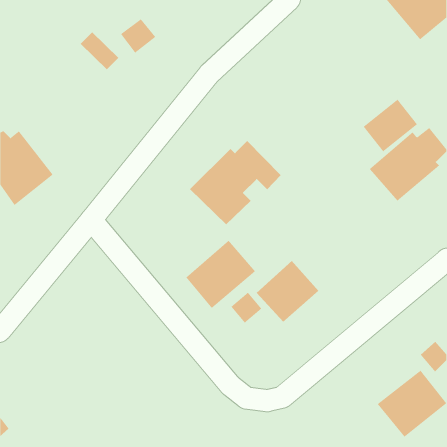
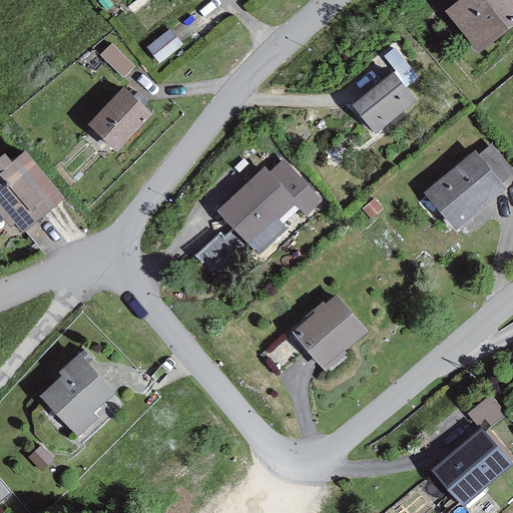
building: none -> [87,90,151,154]
building: [363,99,418,152] -> [354,72,417,133]
building: [186,240,256,309] -> none
building: none -> [39,345,115,430]

